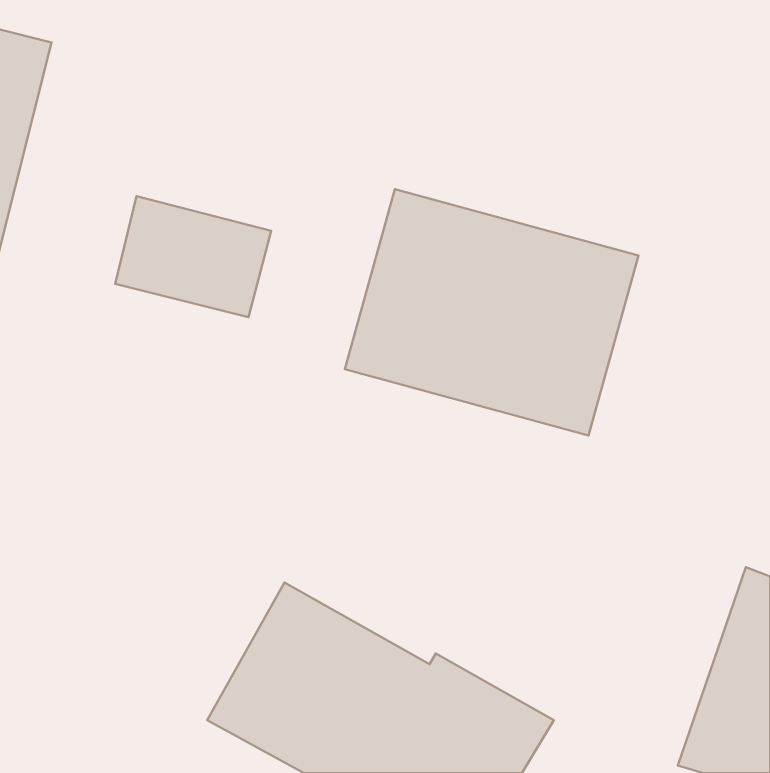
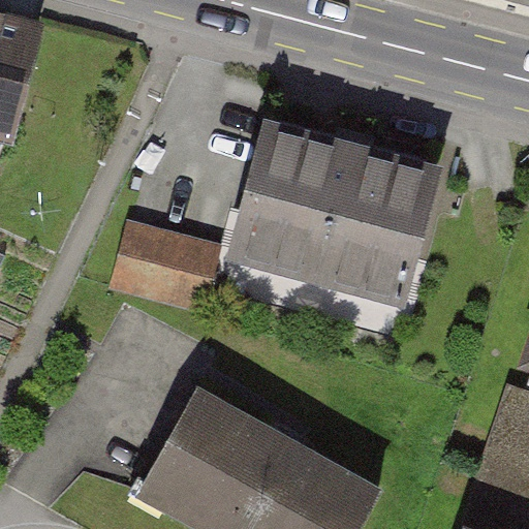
building: [115,196,271,317] -> [114,226,220,309]

